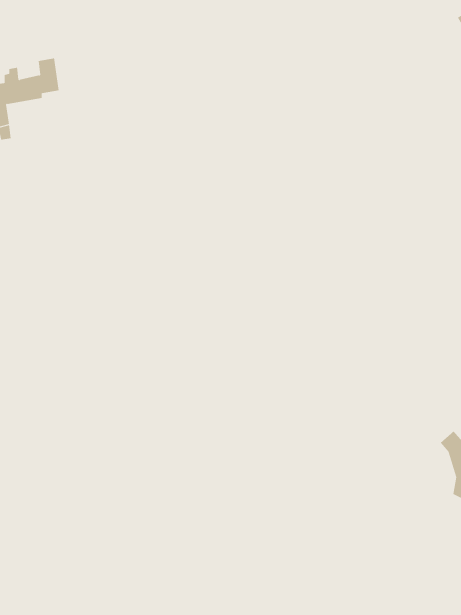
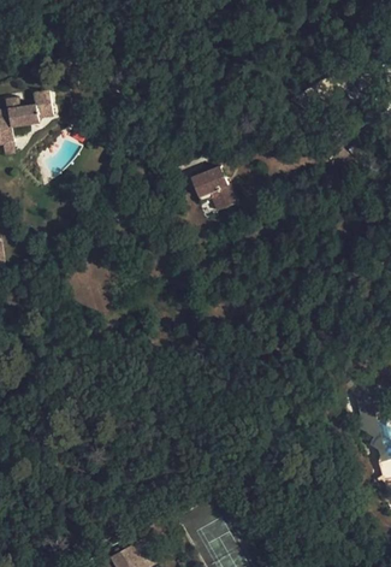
building: none -> [191,166,235,211]

